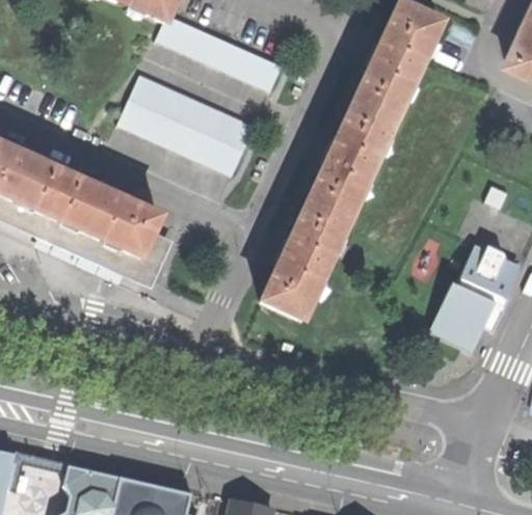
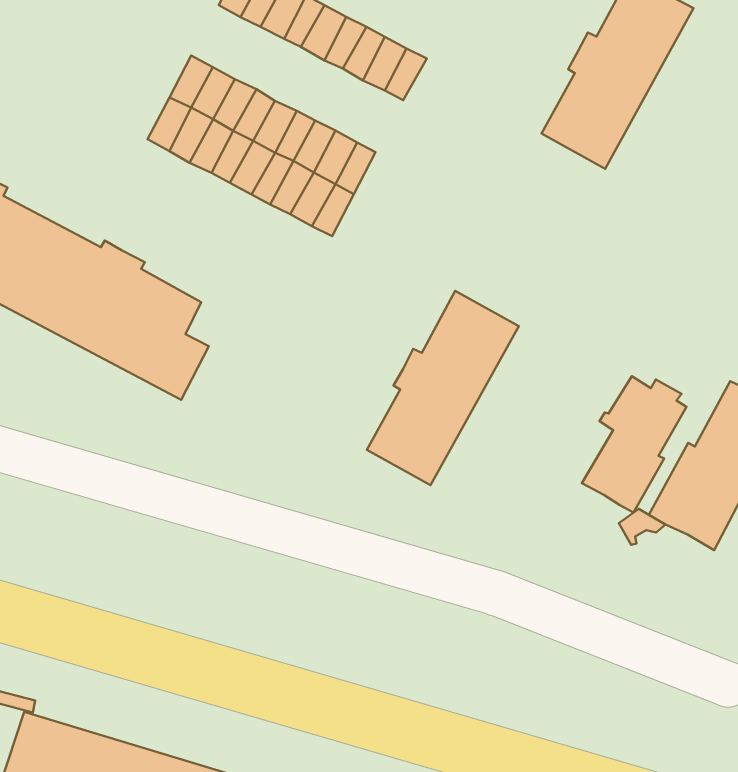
building: [309,104,394,220] -> none
building: none -> [582,376,686,513]

